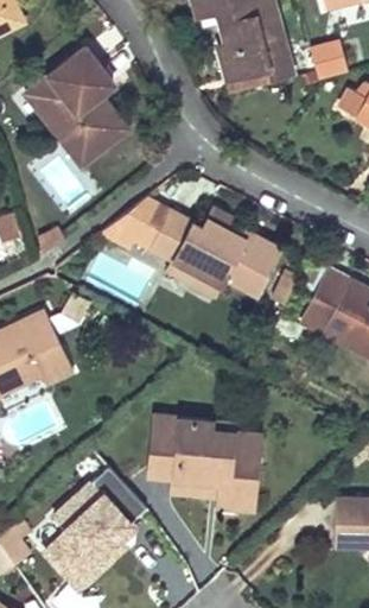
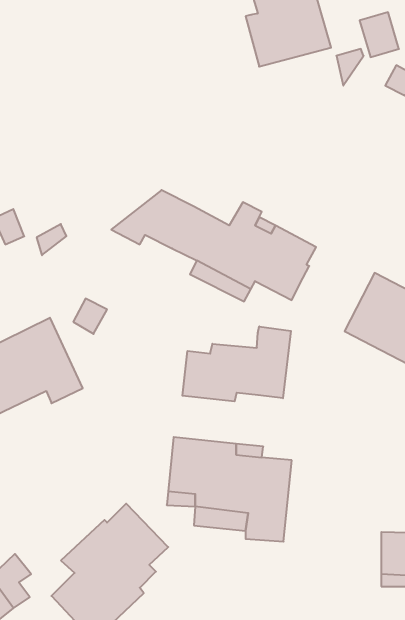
building: [26,45,127,162] -> none
building: none -> [182,326,291,401]

